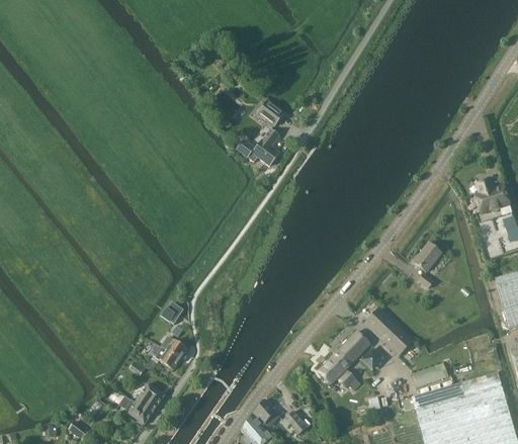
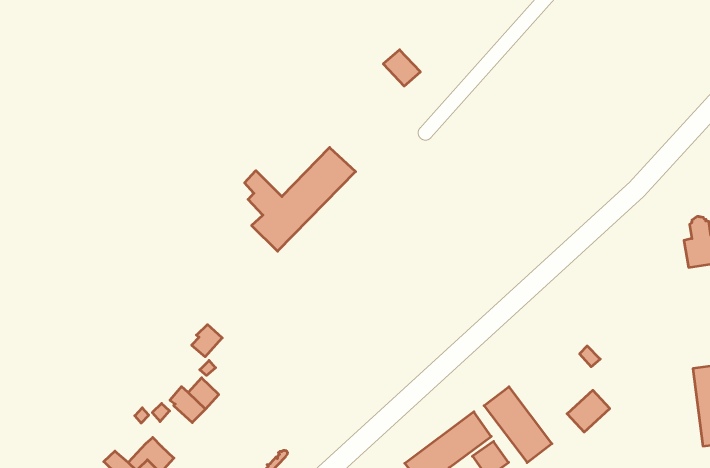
building: [238,129,279,166] -> none
building: none -> [245,147,356,251]
building: [414,244,441,272] -> [567,390,610,432]

